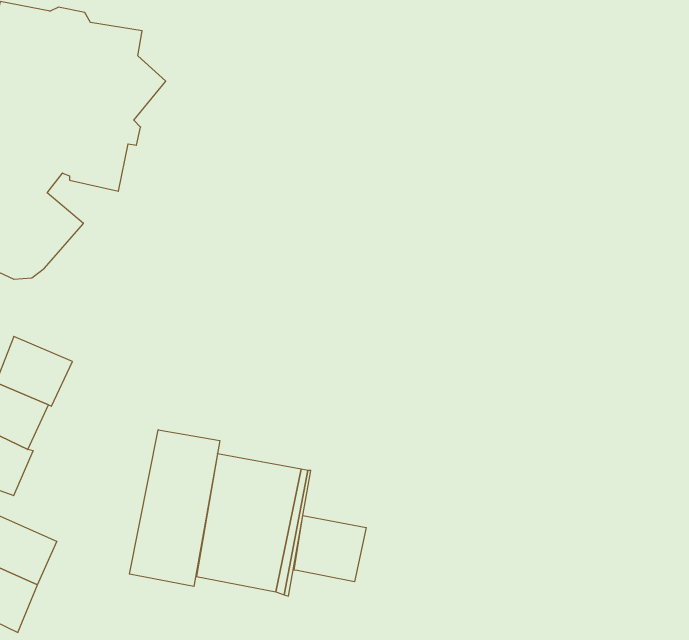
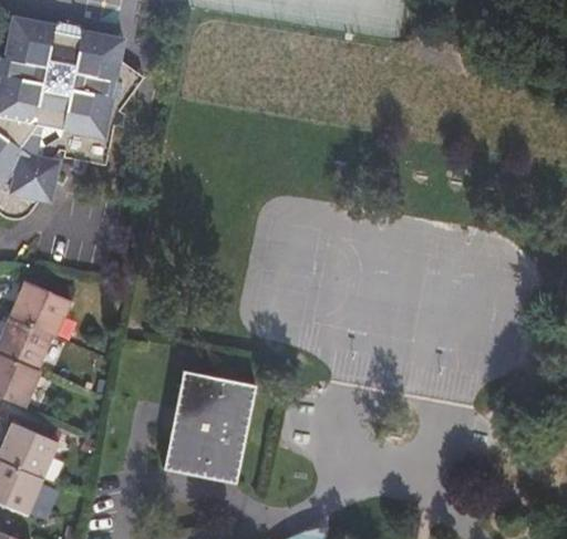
building: [129,430,220,586] -> none
building: [294,516,366,582] -> none

